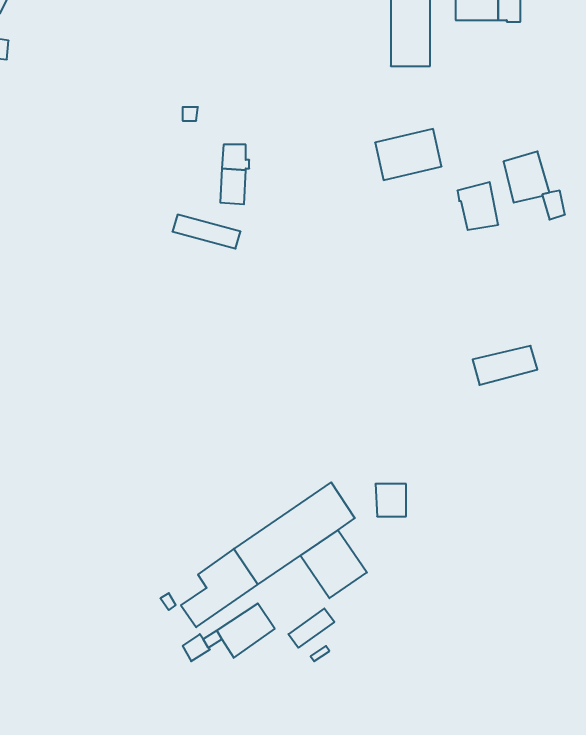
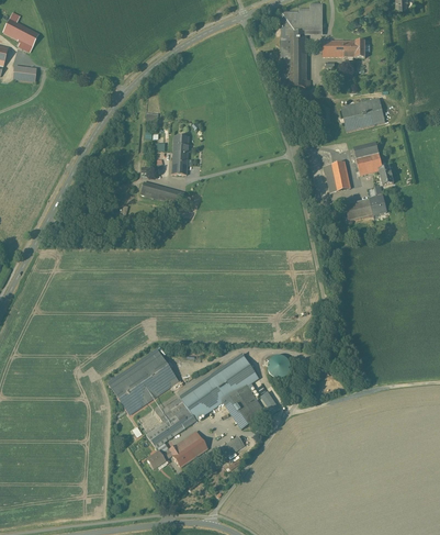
building: [375,129,442,180] -> [341,98,384,131]
building: [473,346,537,385] -> [345,194,386,220]
building: none -> [108,349,178,414]

